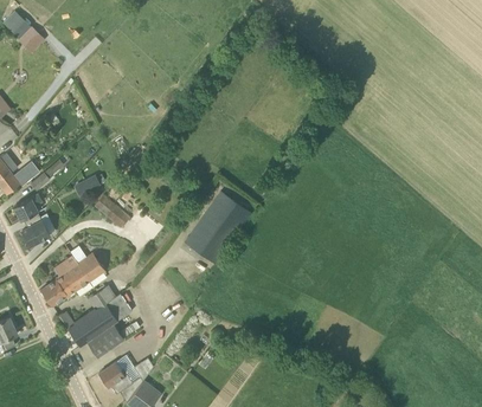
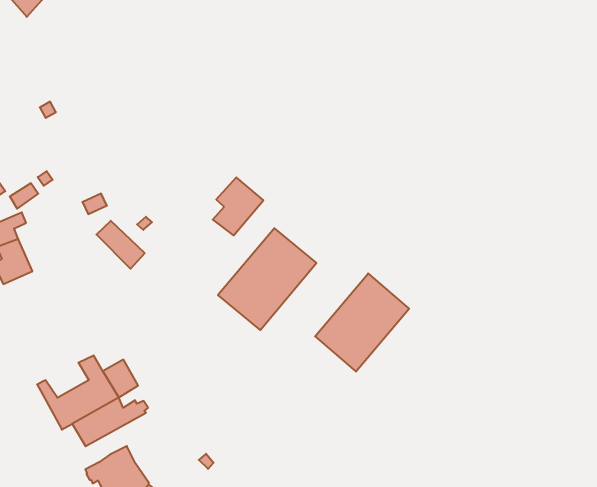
building: none -> [213,177,263,235]
building: none -> [315,273,409,372]
building: [41,252,104,305] -> none

